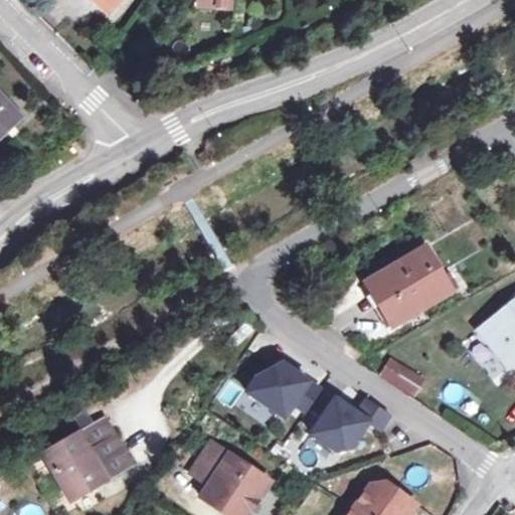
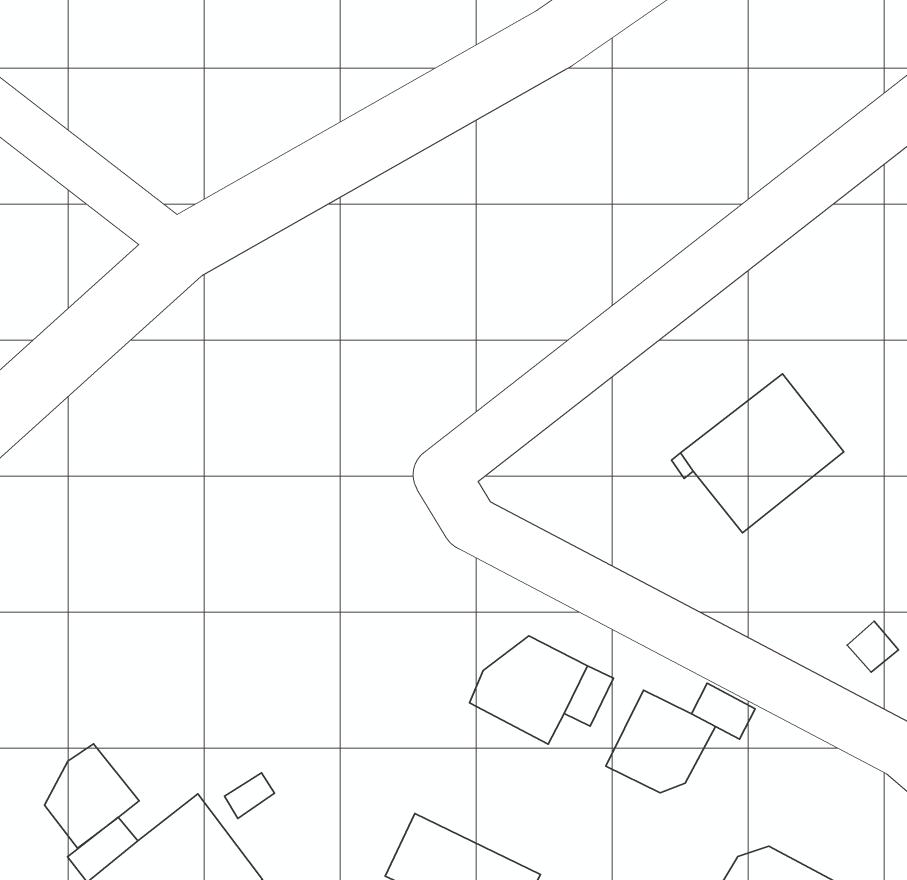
building: [381,355,430,397] -> none
building: none -> [44,744,139,848]

